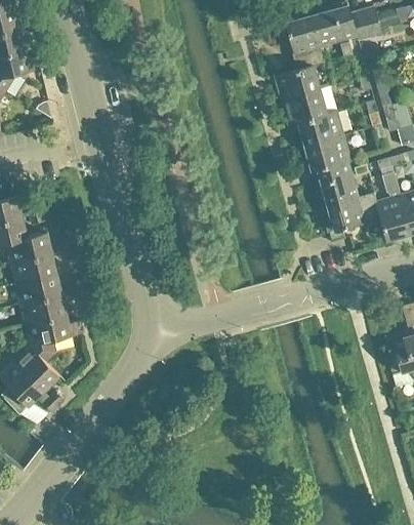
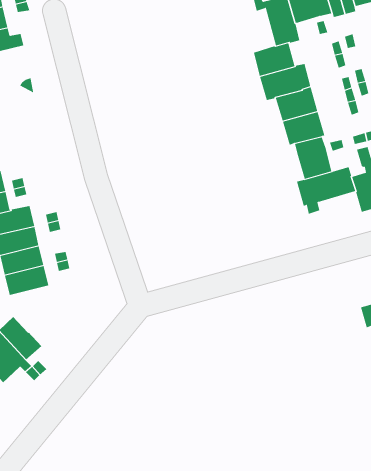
building: [27,314,83,362] -> none

